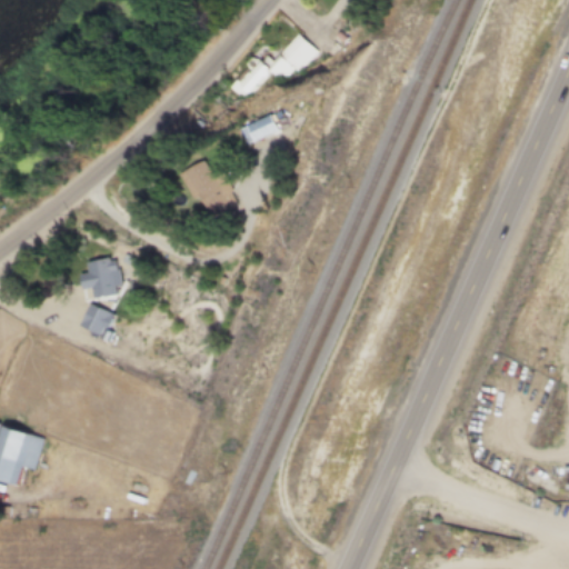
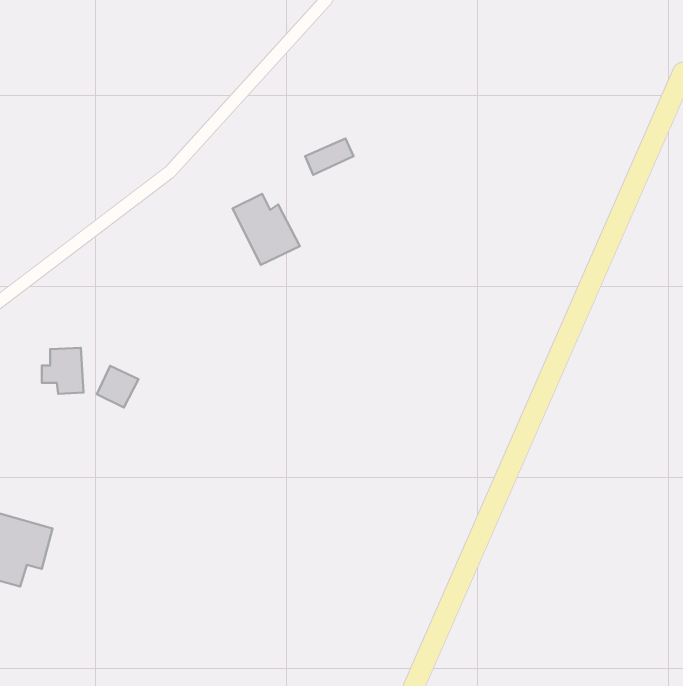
building: [239,33,313,93] -> none
building: [81,259,116,297] -> [42,348,84,394]

